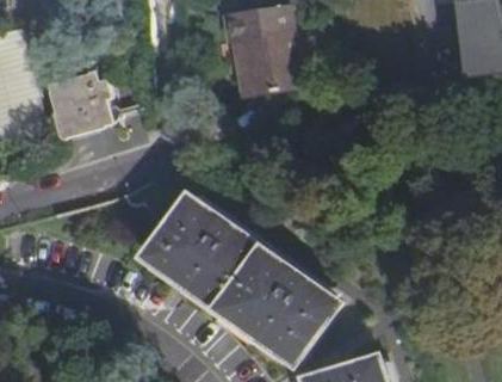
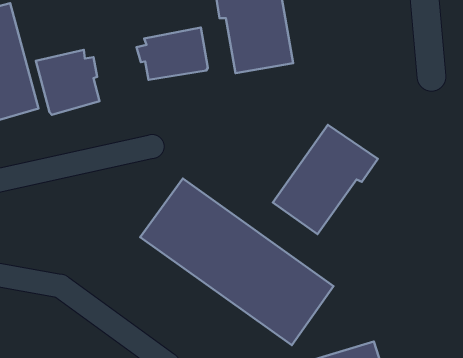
building: none -> [137,28,208,80]
building: none -> [273,125,378,234]

